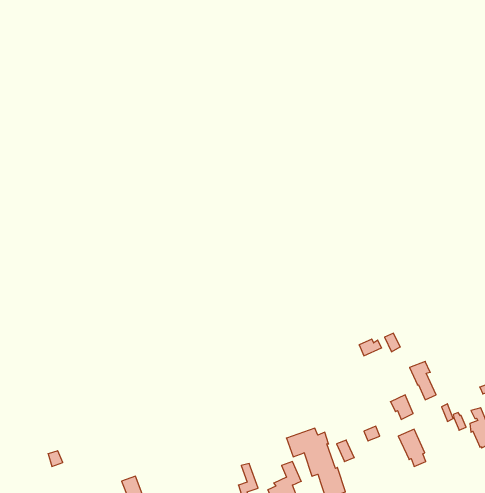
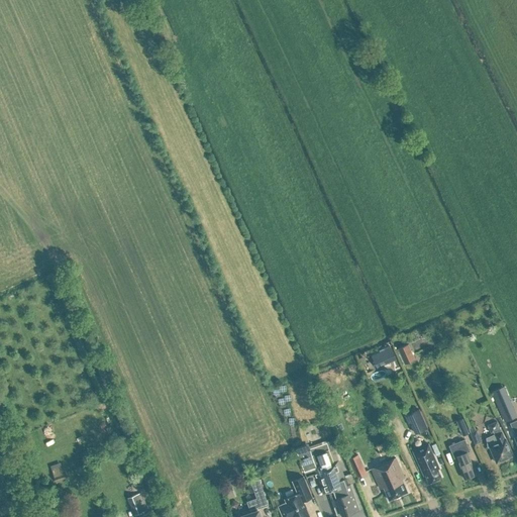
building: [410,361,436,400] -> [449,440,477,480]
building: none -> [372,458,408,501]

